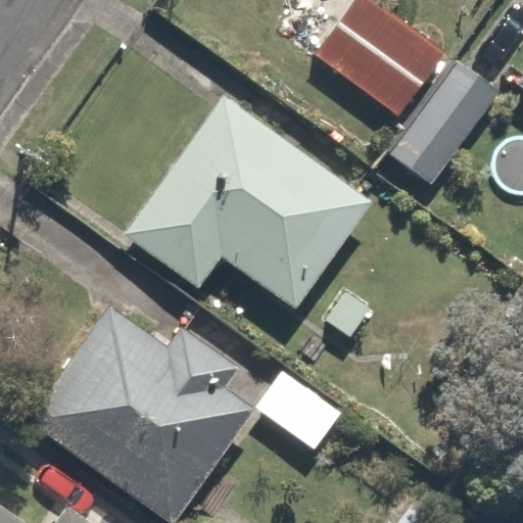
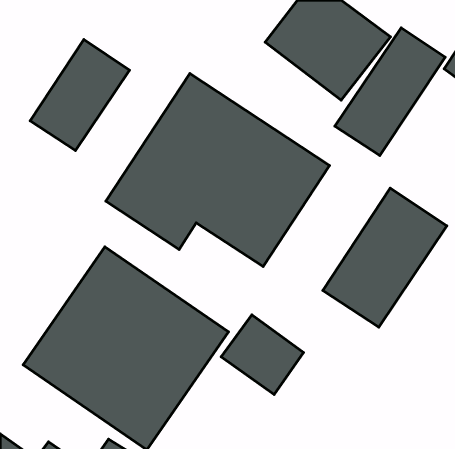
building: none -> [30,40,130,151]
building: none -> [323,188,447,327]

